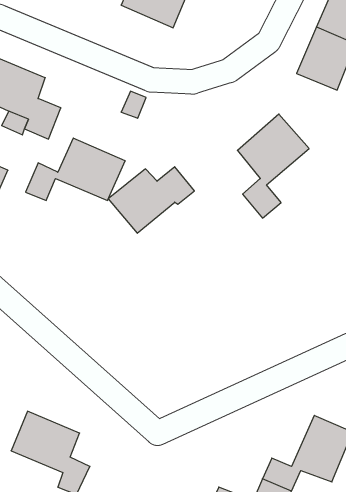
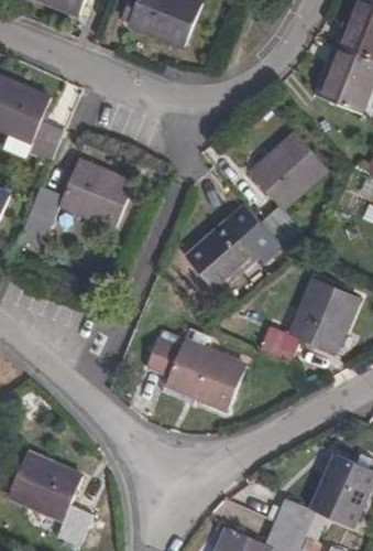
building: [108,167,194,233] -> [187,220,278,291]
building: none -> [260,280,356,360]
building: none -> [141,336,229,402]

